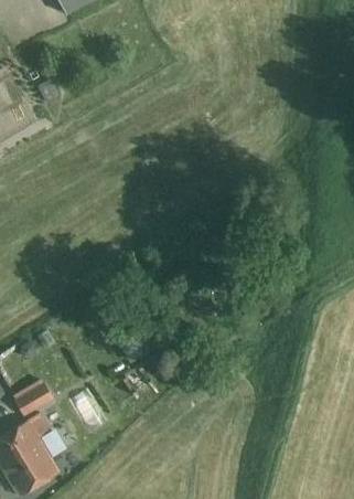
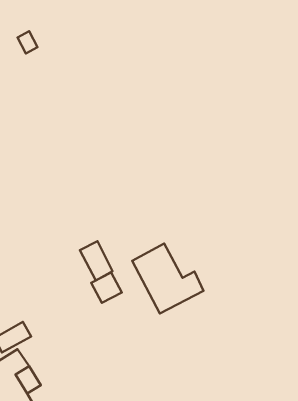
building: none -> [80,241,112,281]
building: none -> [132,244,204,313]

